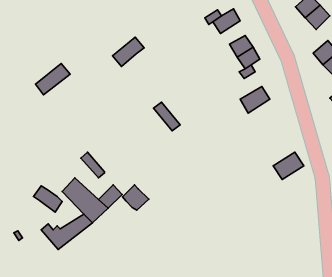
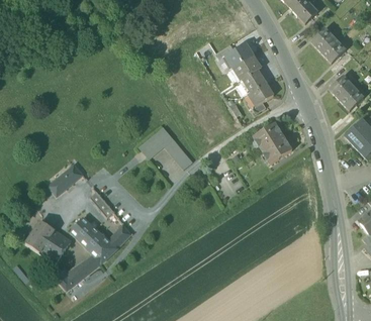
building: none -> [233,56,261,81]
building: [113,37,144,67] -> [140,128,172,158]
building: [36,63,70,95] -> [48,164,83,196]
building: [273,152,304,180] -> [261,136,292,165]
building: none -> [25,220,63,262]
building: [122,185,149,210] -> none

